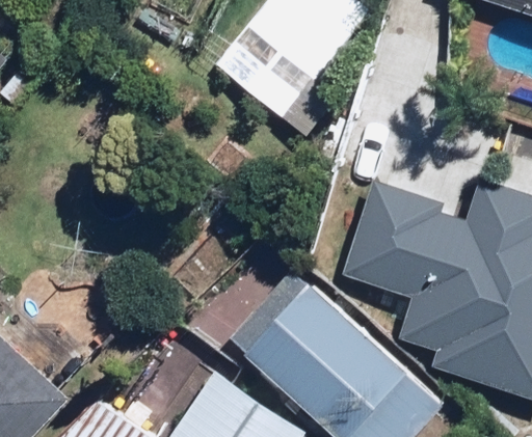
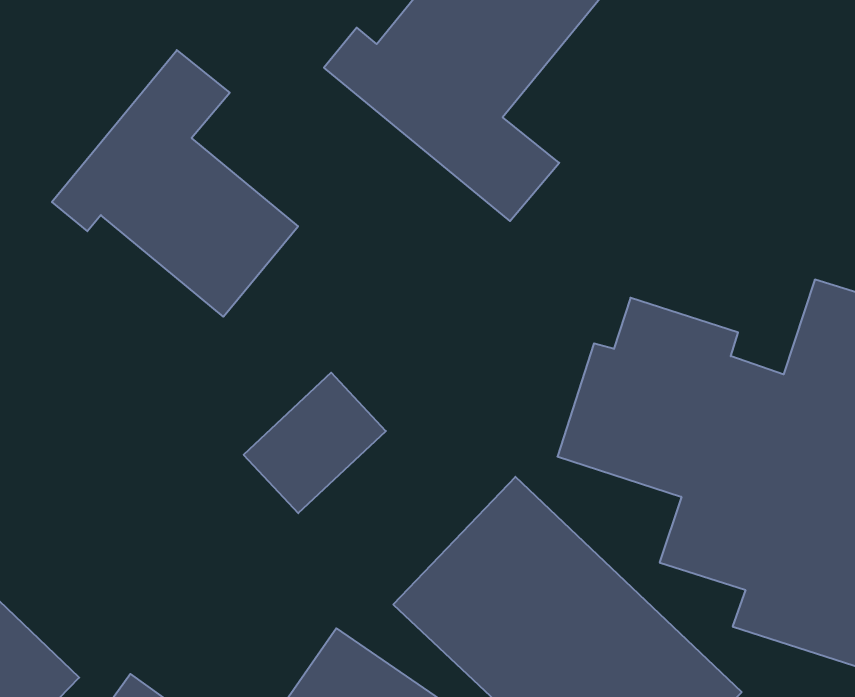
building: none -> [52,50,298,317]

